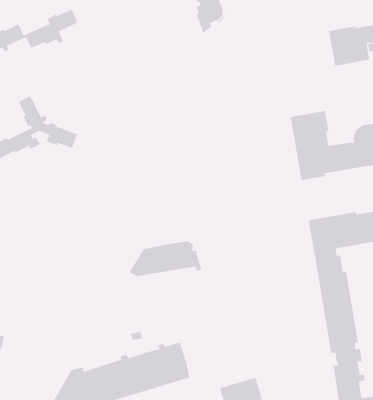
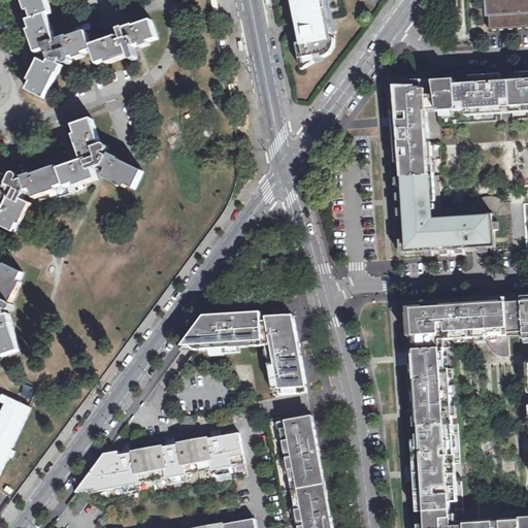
building: none -> [390,78,456,176]
building: none -> [265,319,310,398]
building: none -> [264,414,323,491]

